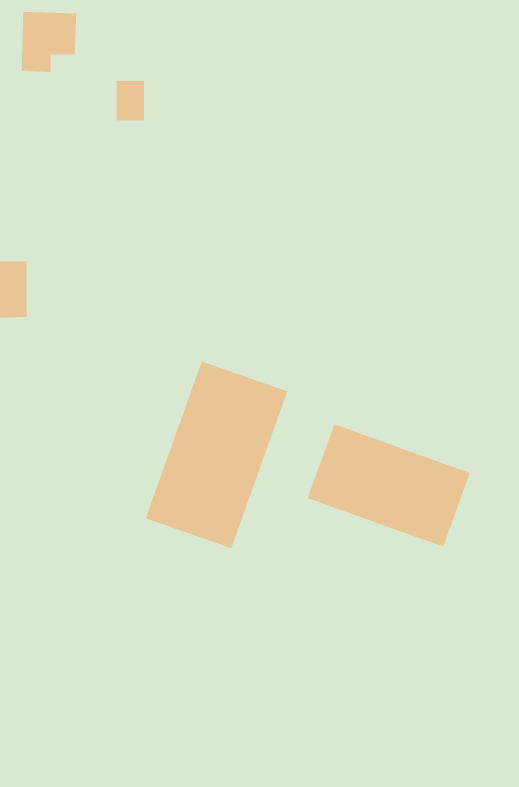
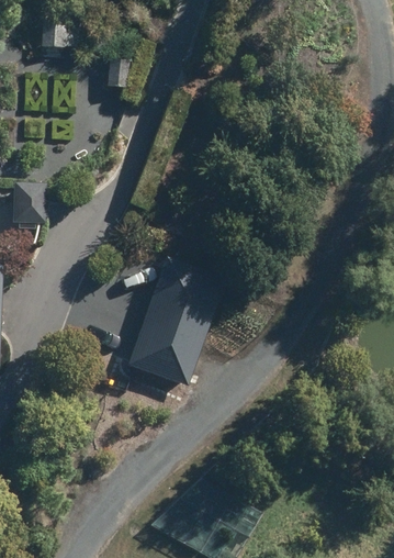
building: [307,424,471,547] -> none

